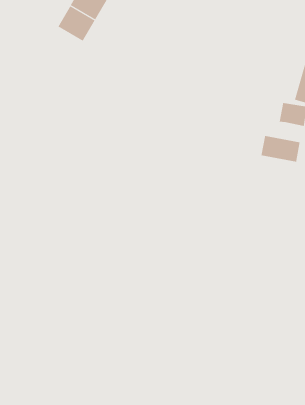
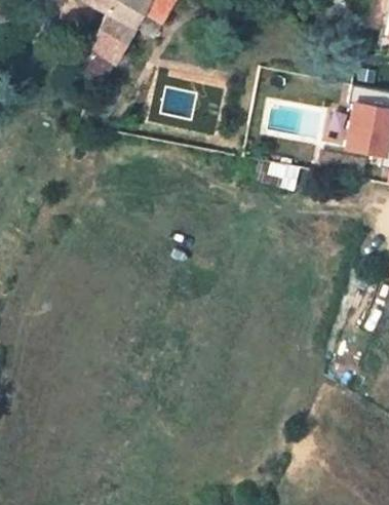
building: [261,135,300,162] -> none

